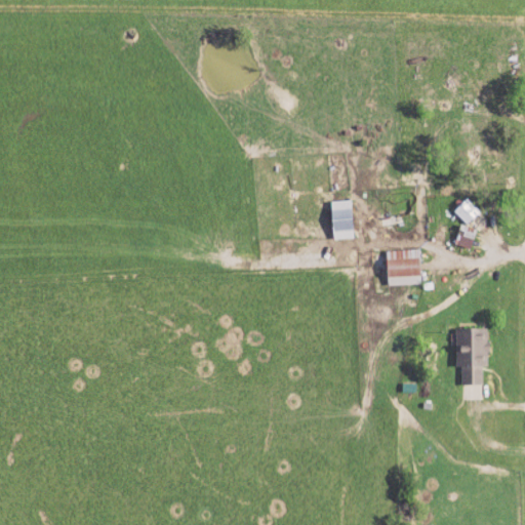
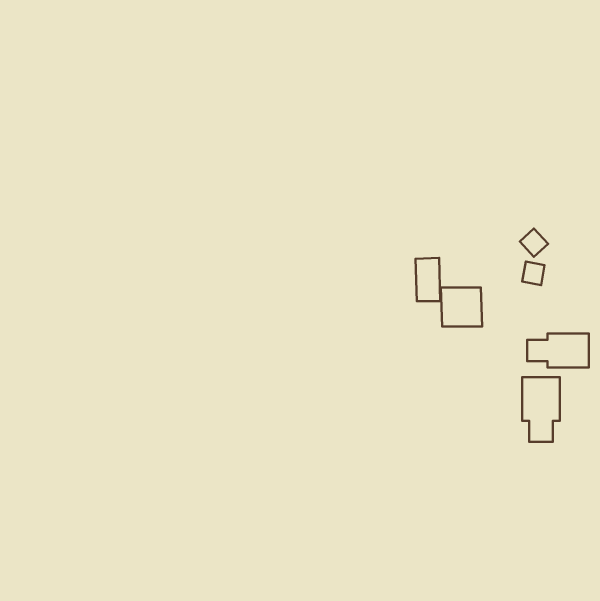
building: [331,200,353,238] -> [416,258,440,301]
building: none -> [527,334,589,368]

